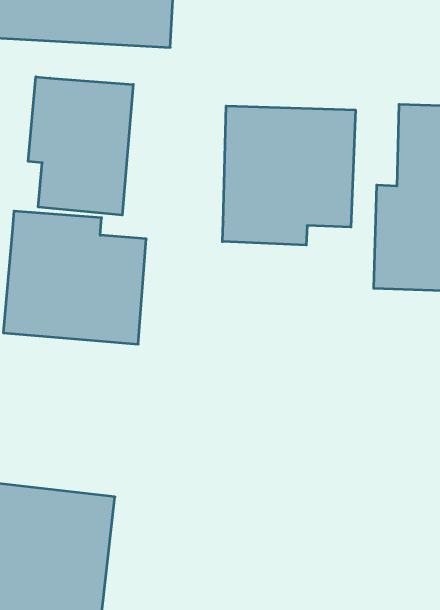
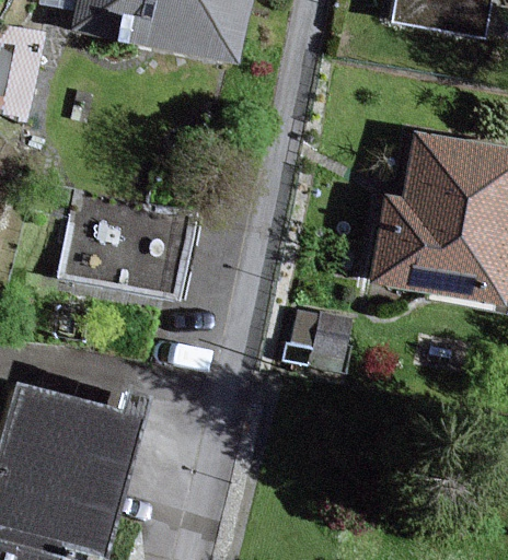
building: [28,77,133,215] -> none
building: [222,106,355,245] -> none

